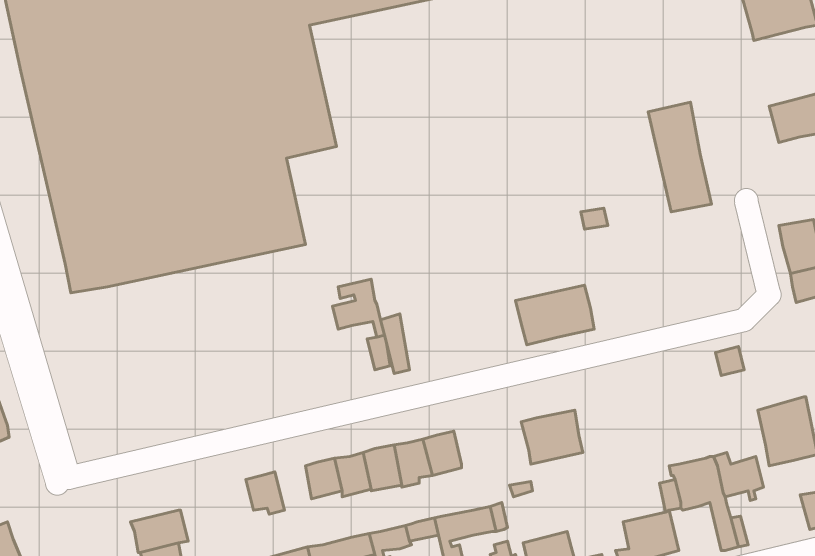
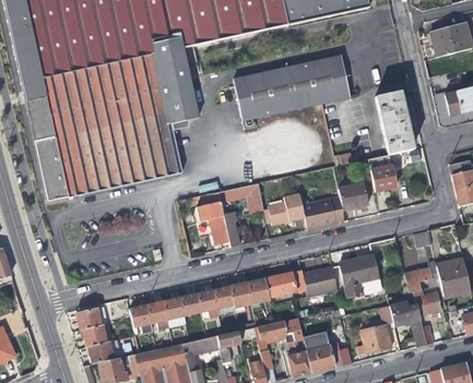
building: none -> [233,56,347,121]
building: none -> [367,154,395,191]
building: none -> [336,181,367,208]
building: none -> [217,183,263,216]
building: none -> [268,193,303,225]
building: none -> [341,256,381,298]
building: none -> [405,261,441,292]
building: none -> [264,270,307,297]
building: none -> [163,298,186,328]
building: none -> [76,306,108,330]
building: none -> [129,306,153,334]

